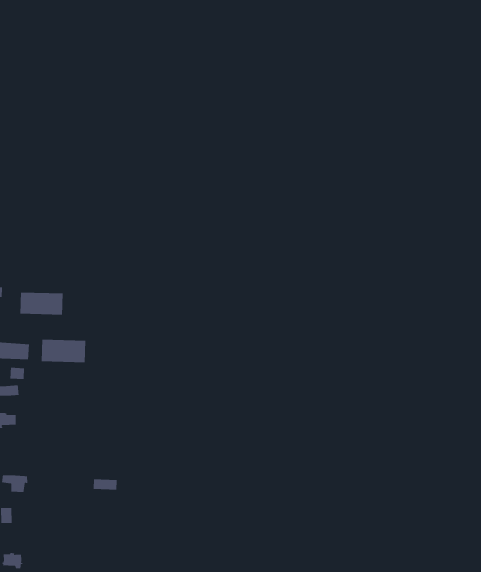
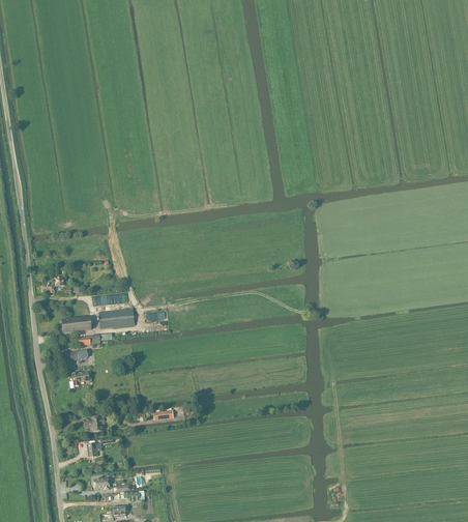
building: [19,292,63,315] -> none

